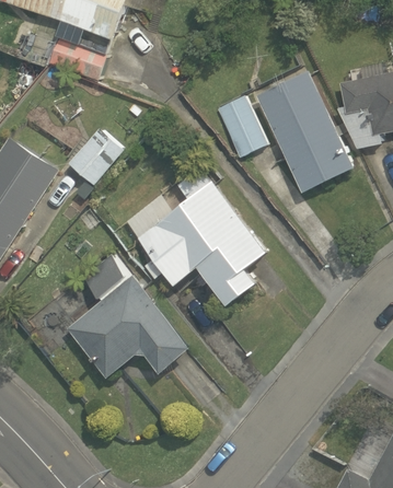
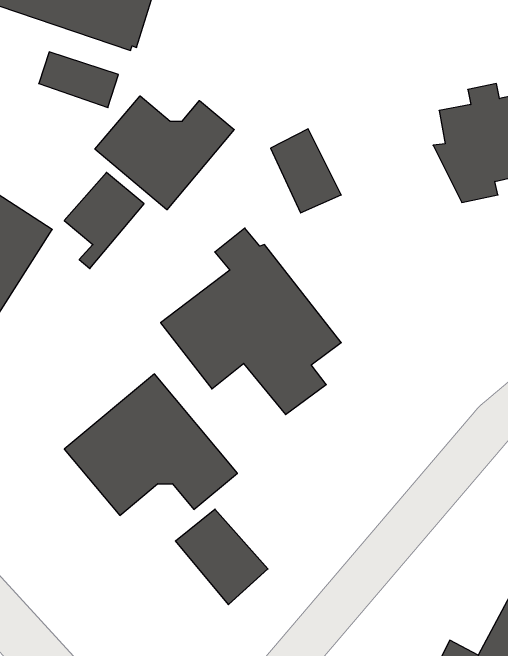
building: [255,70,354,193] -> none
building: none -> [95,96,234,210]
building: none -> [175,509,268,605]

